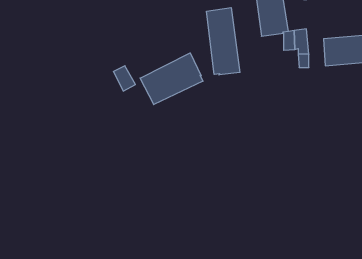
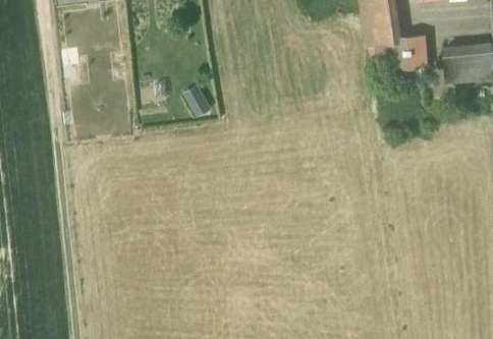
building: [207,8,240,75] -> none
building: [140,53,203,105] -> none

